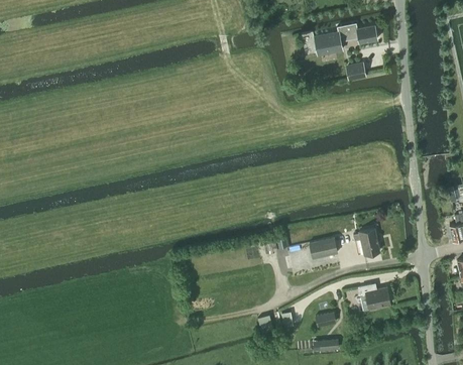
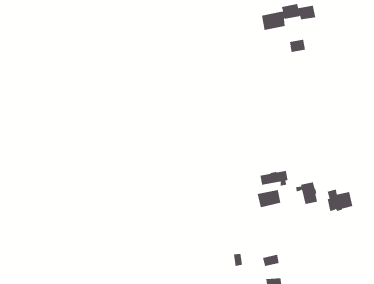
building: none -> [260,170,288,187]
building: [360,283,390,310] -> [327,189,353,212]

